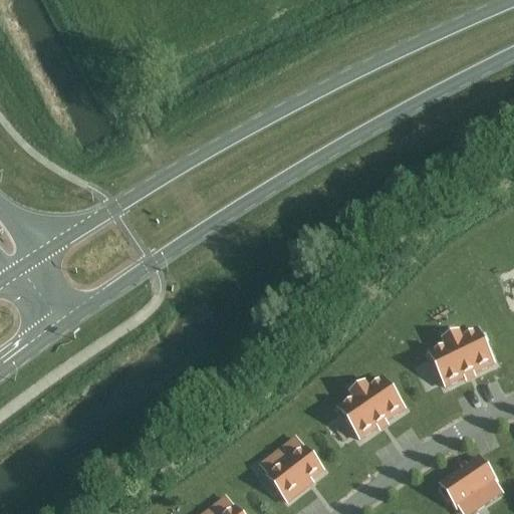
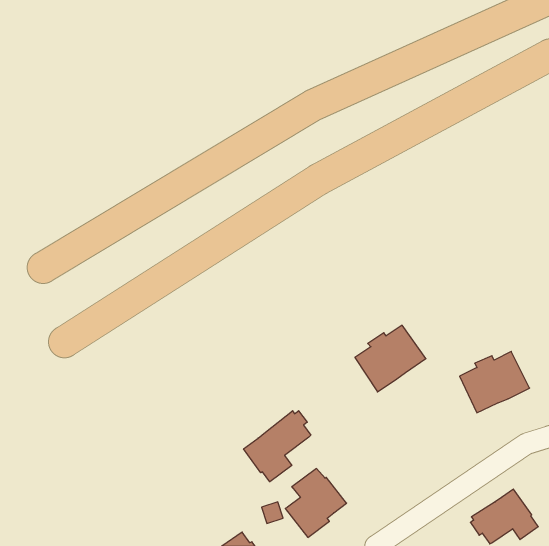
building: [339,376,406,439] -> [355,325,426,392]
building: none -> [244,411,311,482]

